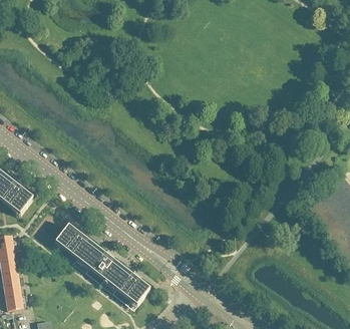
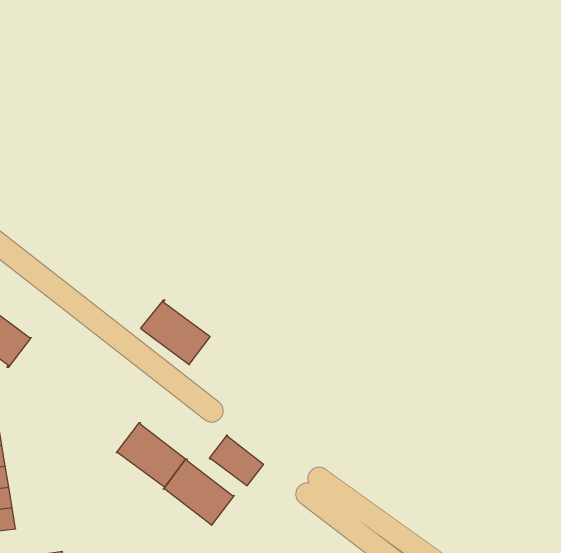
building: [55,225,95,262] -> [141,300,210,365]
building: none -> [210,435,263,486]

